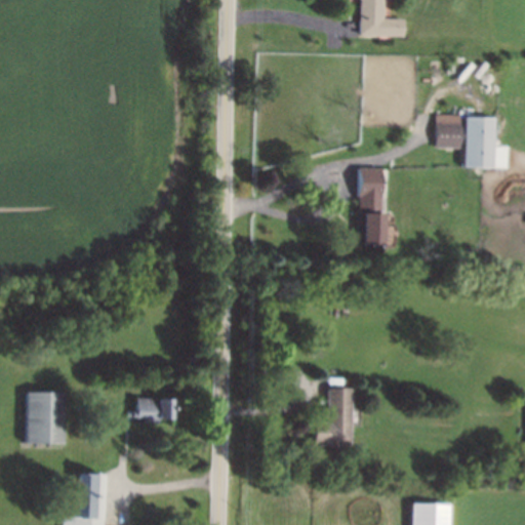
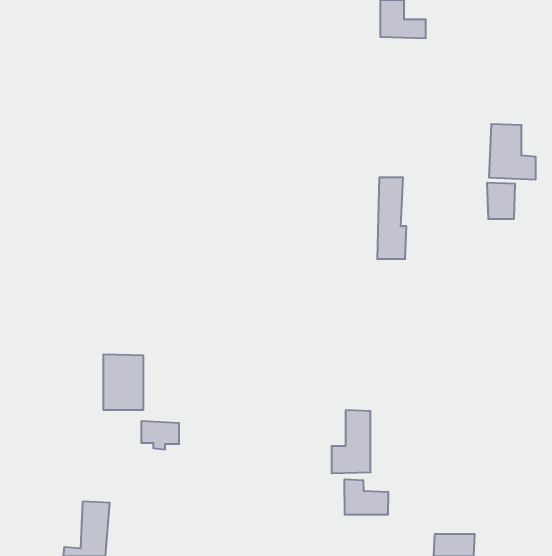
building: [437,115,463,149] -> [487,183,515,219]
building: [28,391,66,443] -> [103,354,143,410]
building: none -> [345,479,388,515]

